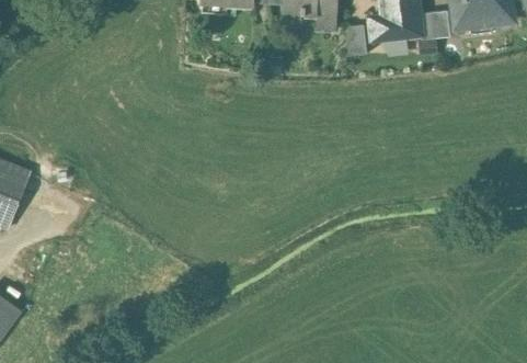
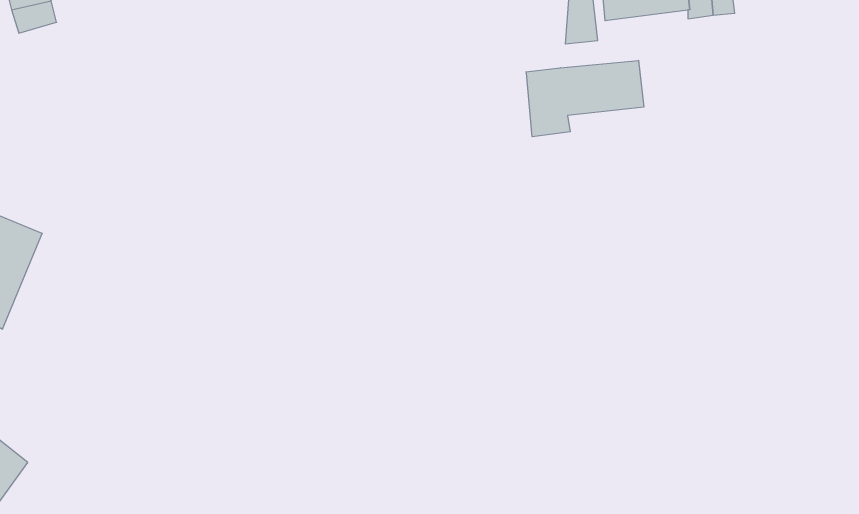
building: none -> [526,60,644,137]

